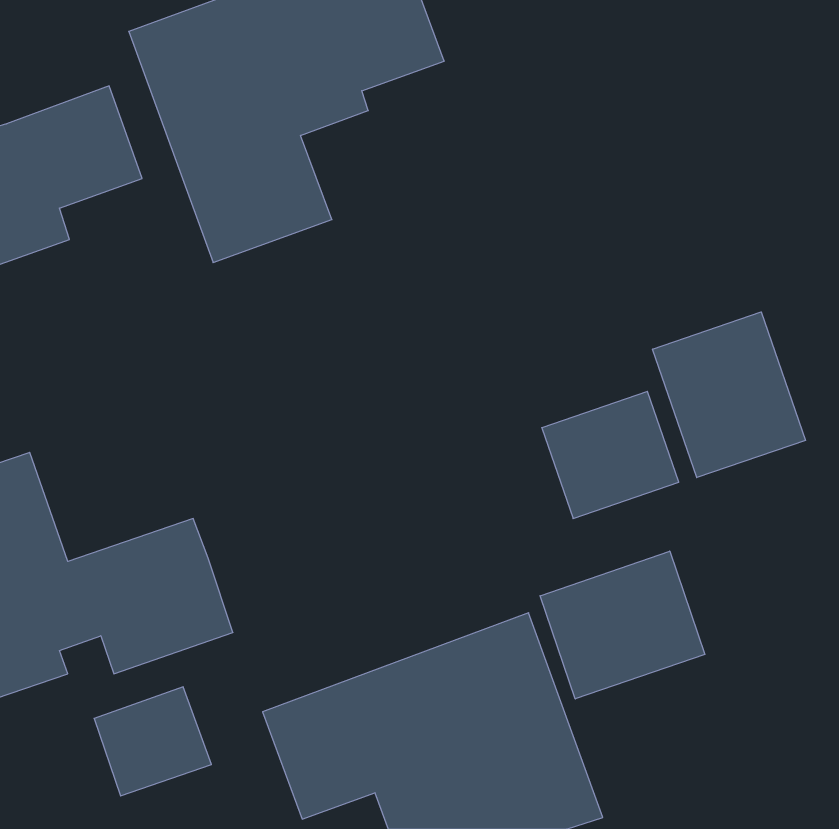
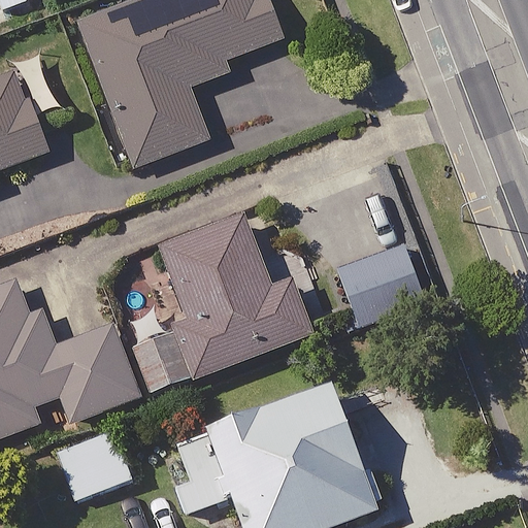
building: [653,312,805,478] -> none
building: none -> [130,220,315,395]
building: [540,551,705,699] -> none

